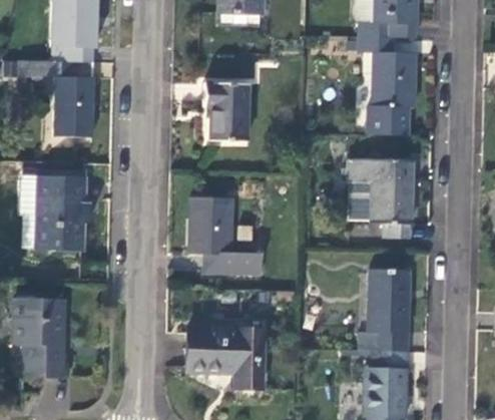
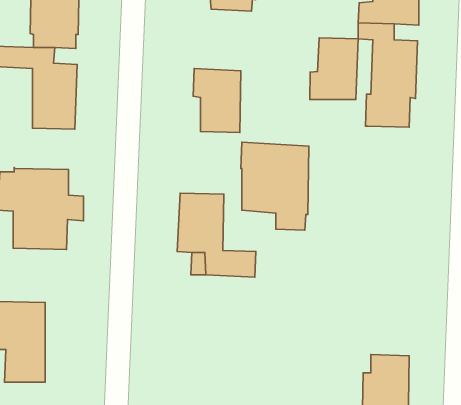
building: none -> [310,38,358,100]
building: [349,156,413,240] -> [241,142,309,230]
building: [358,268,409,351] -> none
building: [186,326,265,389] -> none

